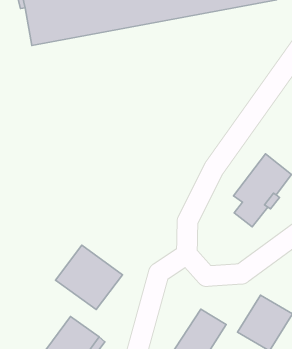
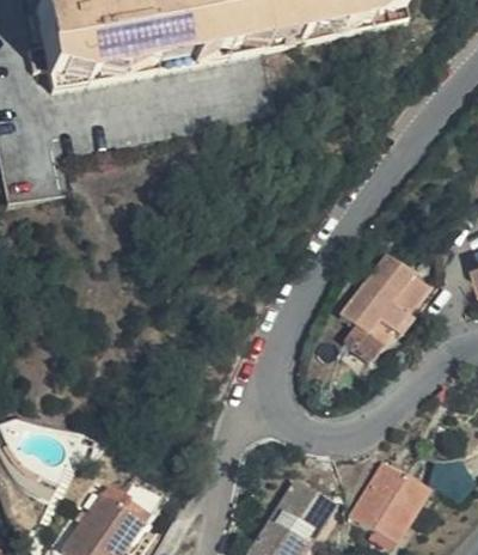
building: [55,245,122,310] -> none

